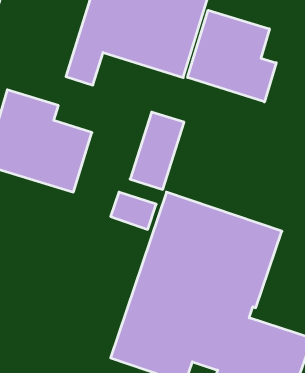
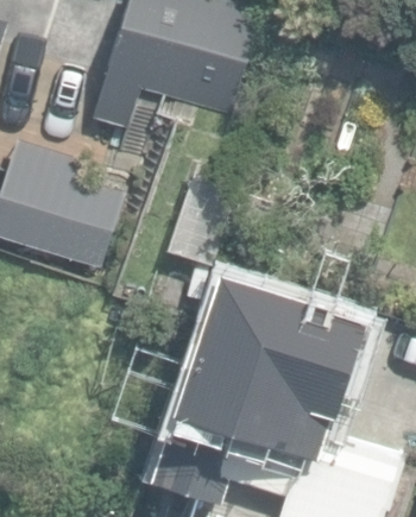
building: [188,10,276,102] -> none

